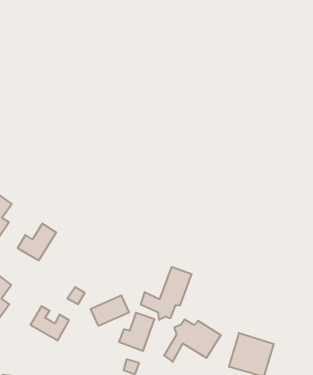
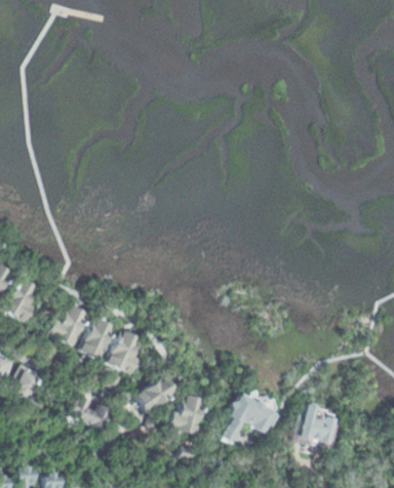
building: none -> [79,317,115,360]
building: none -> [106,328,140,374]
building: [141,267,192,320] -> none

